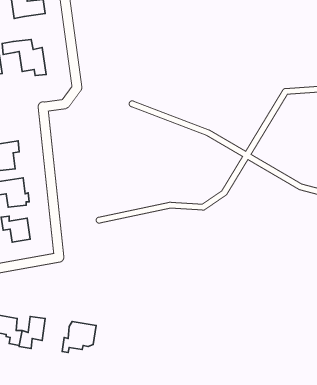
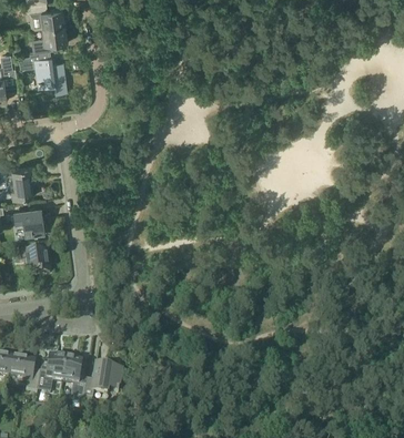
building: none -> [31,21,68,50]
building: none -> [61,358,85,397]

